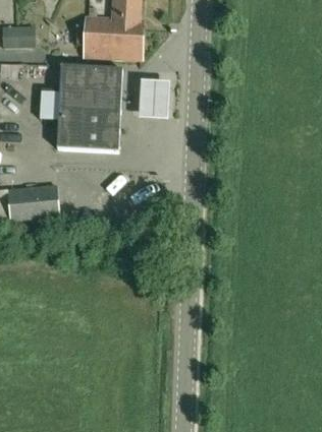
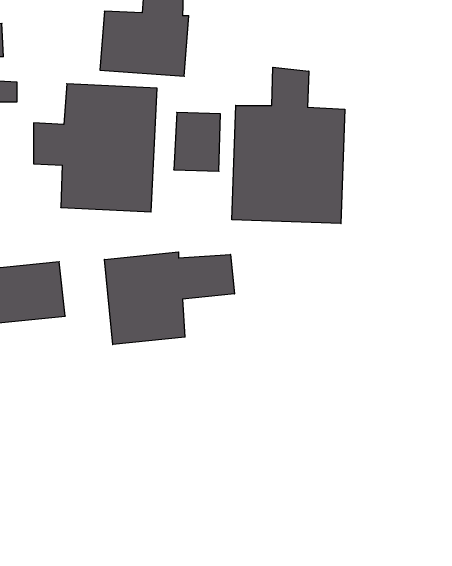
building: none -> [232,67,345,224]
building: none -> [104,252,234,345]

